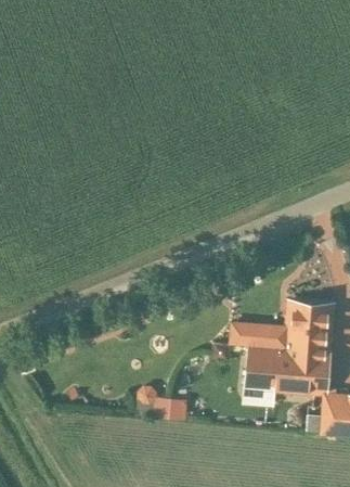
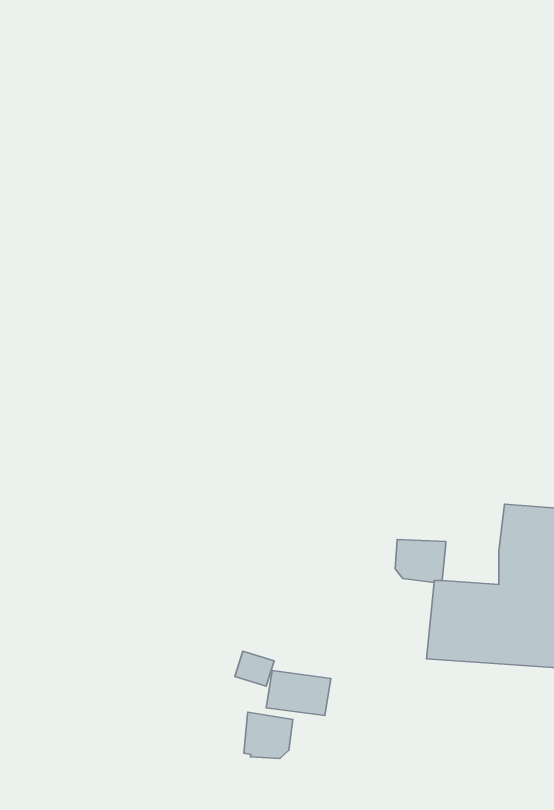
building: [254,324,285,347] -> none
building: none -> [244,712,293,759]

